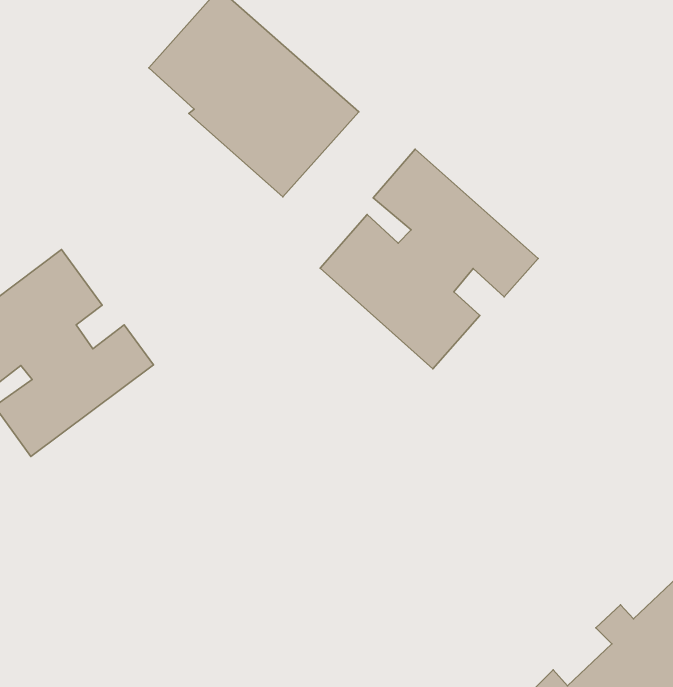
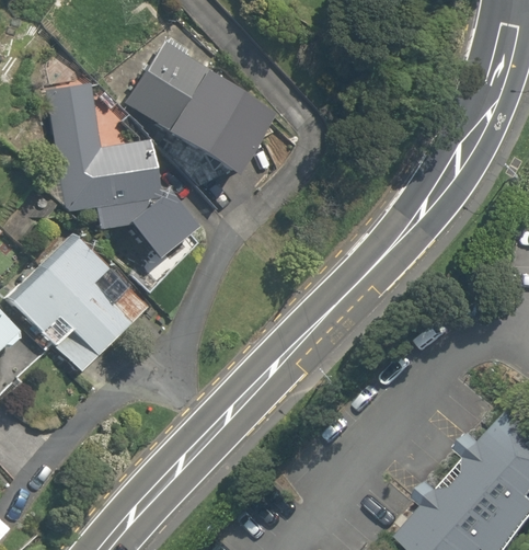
building: none -> [54,80,193,266]
building: [320,149,538,369] -> none

